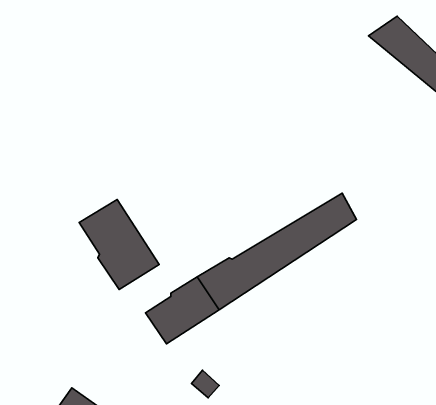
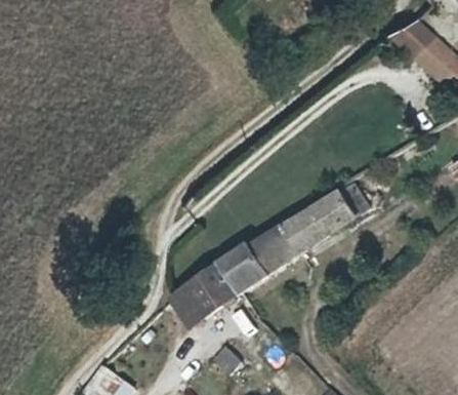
building: [79,199,159,290] -> none

